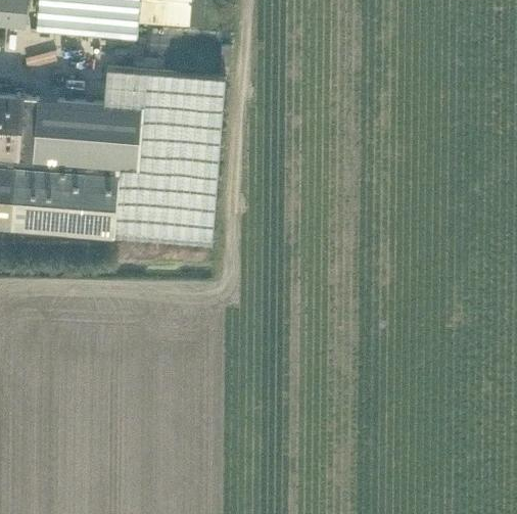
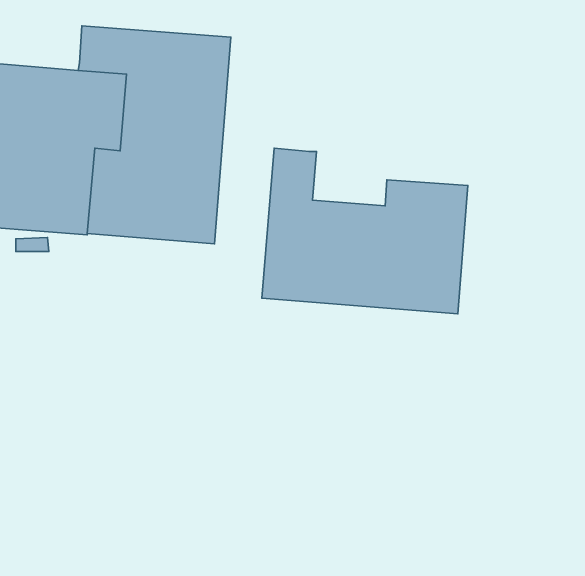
building: none -> [262,148,468,314]

